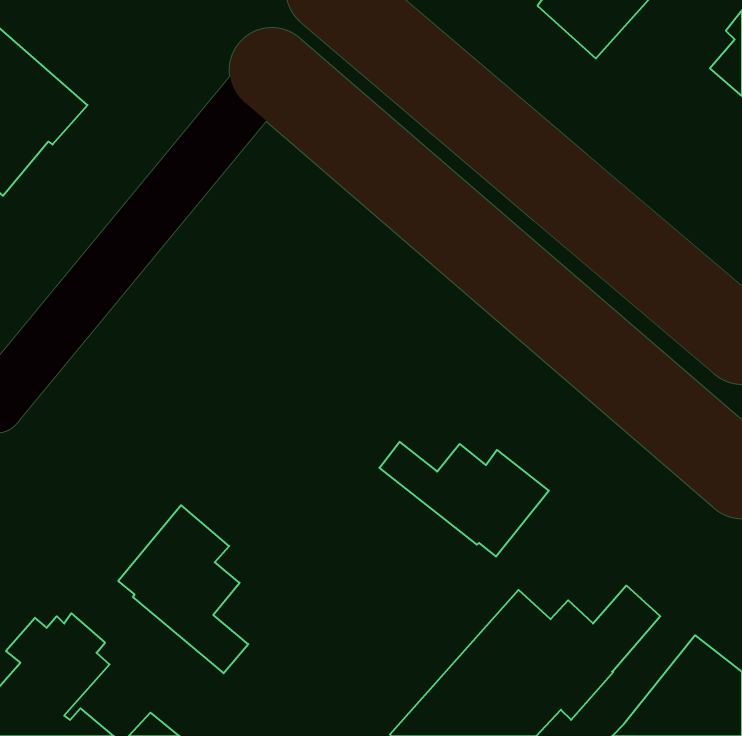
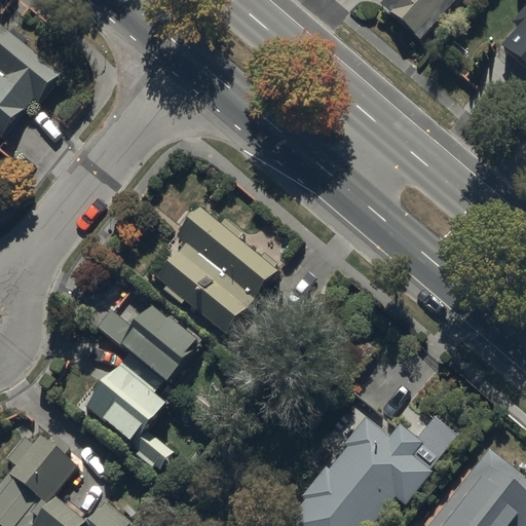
building: none -> [155,205,278,338]
building: none -> [95,306,203,389]
building: [379,442,549,557] -> none

